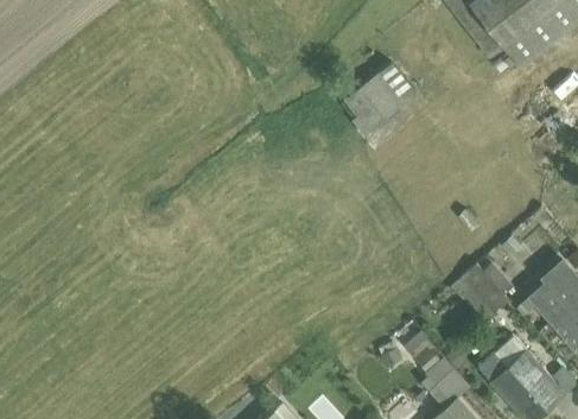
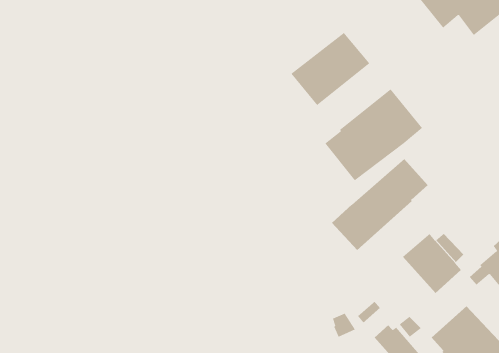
building: none -> [325,88,423,181]
building: none -> [331,158,428,251]

